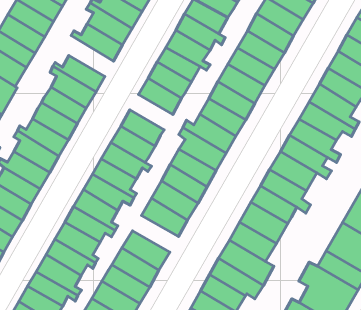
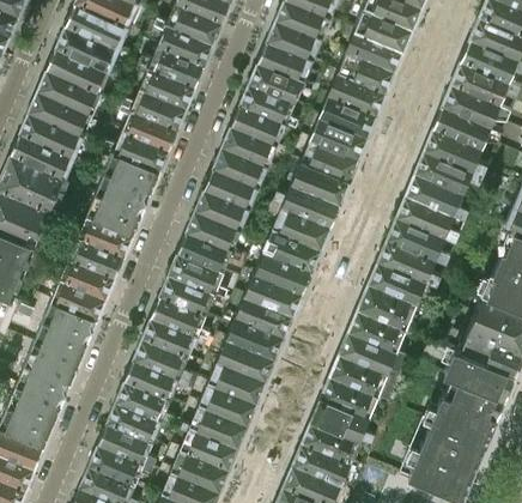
building: none -> [117,107,176,152]
building: none -> [204,169,257,208]
building: none -> [226,317,284,358]

